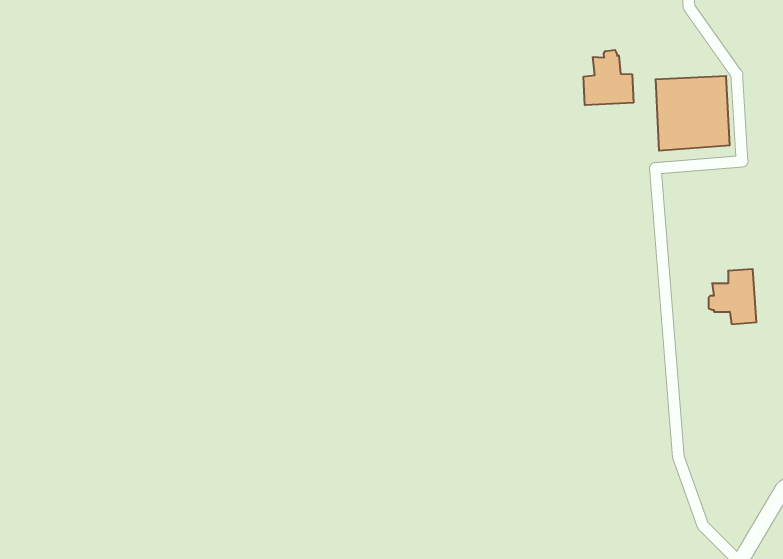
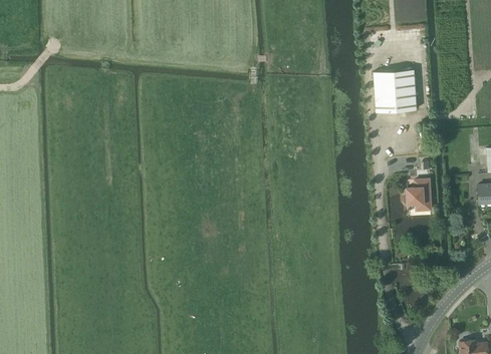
building: [584,50,633,105] -> none

